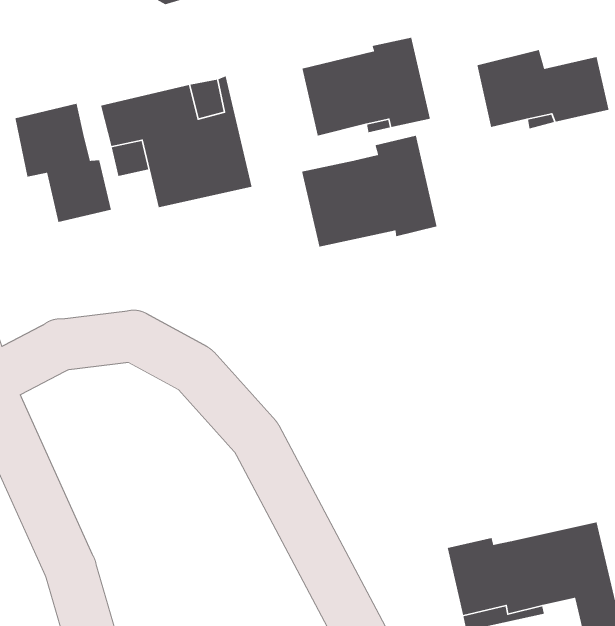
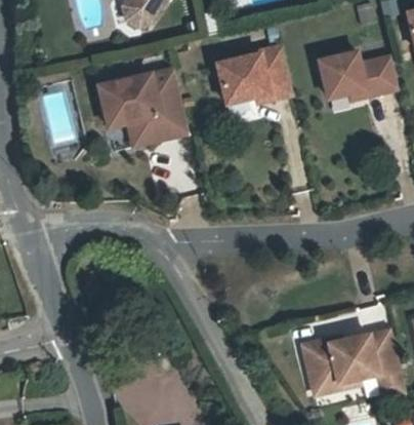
building: [14,103,112,223] -> none
building: [301,135,438,248] -> none

